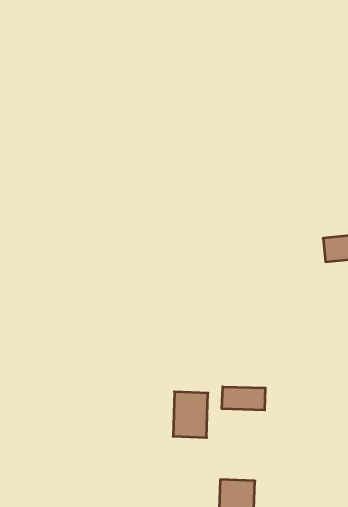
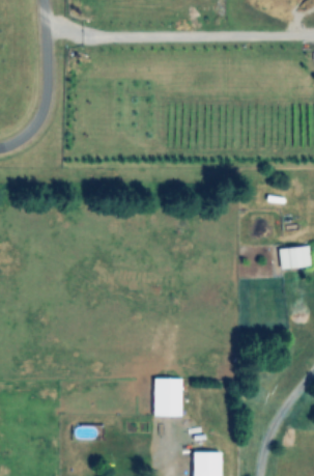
building: [222,387,265,410] -> none

